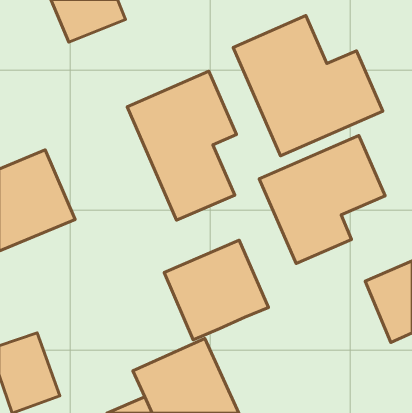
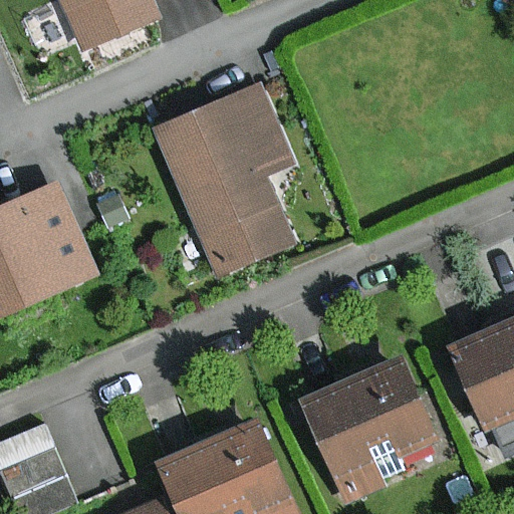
building: [233,16,383,156] -> none
building: [259,135,385,264] -> none
building: [164,240,268,340] -> [304,363,434,487]

